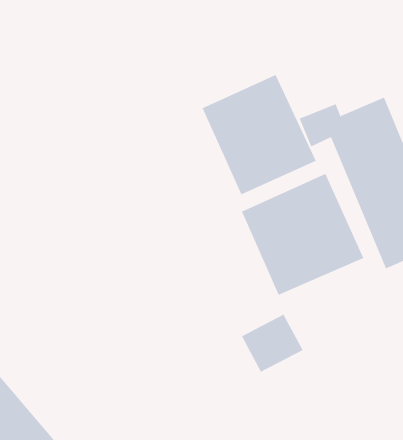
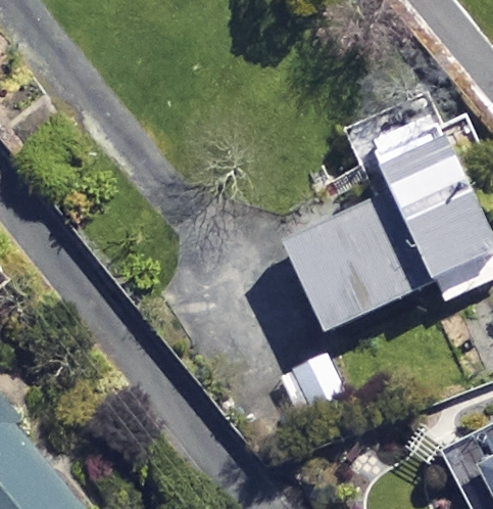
building: [202,74,316,195] -> none

